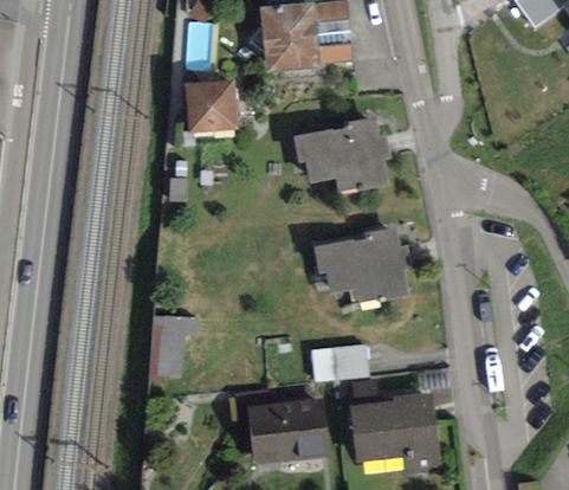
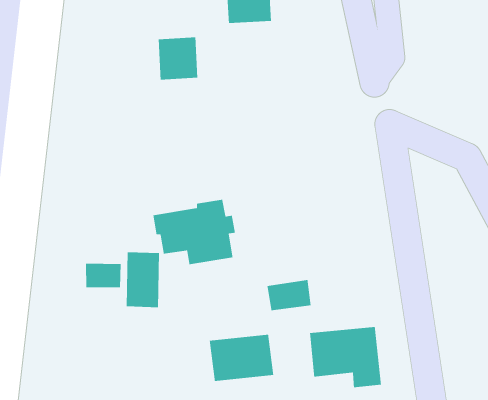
building: [296,116,389,189] -> none
building: [318,227,410,301] -> [152,199,236,265]
building: none -> [85,263,122,288]

